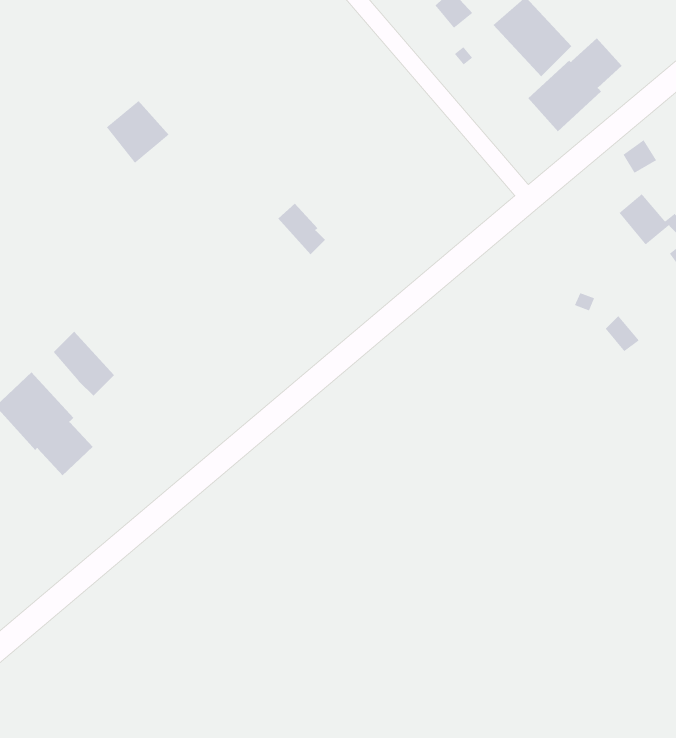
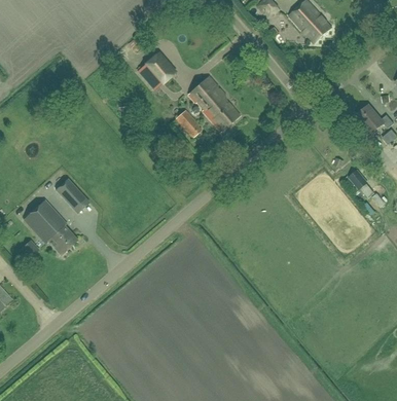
building: [527,38,622,132] -> none
building: [106,100,170,164] -> [138,56,172,89]
building: none -> [187,74,239,130]

